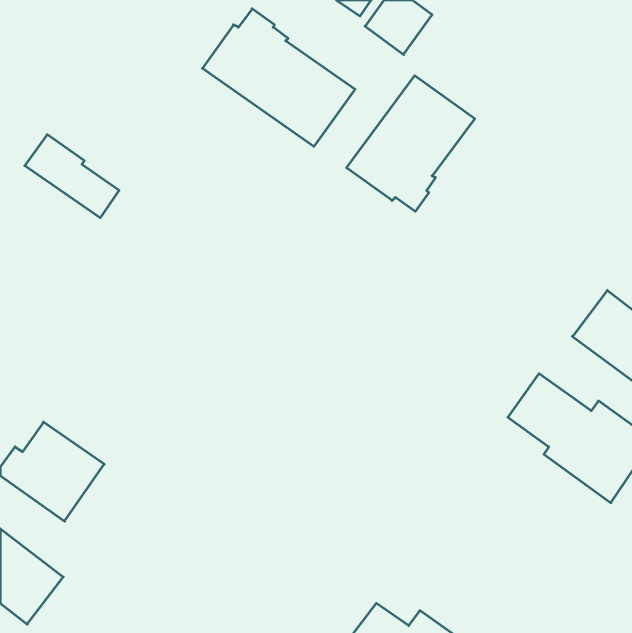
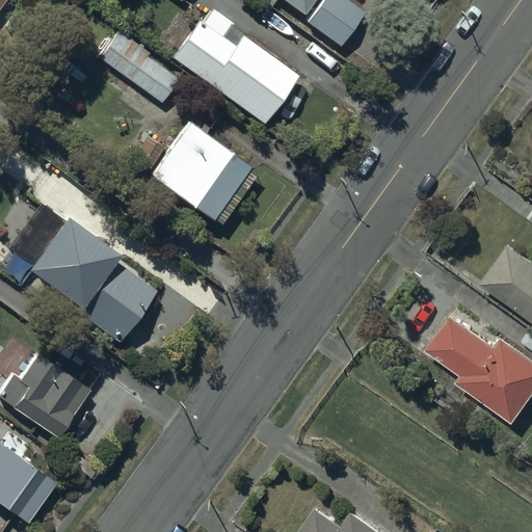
building: [347,76,475,211] -> none
building: [25,135,119,218] -> [100,33,179,103]
building: none -> [152,124,258,225]
building: none -> [27,218,157,343]

